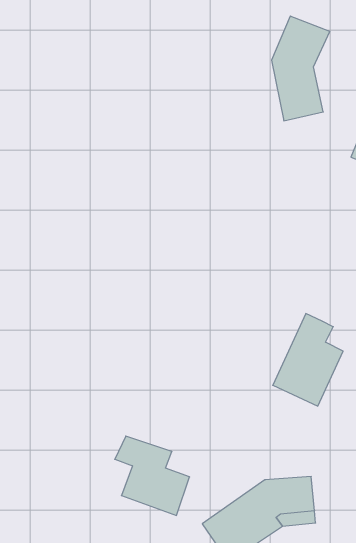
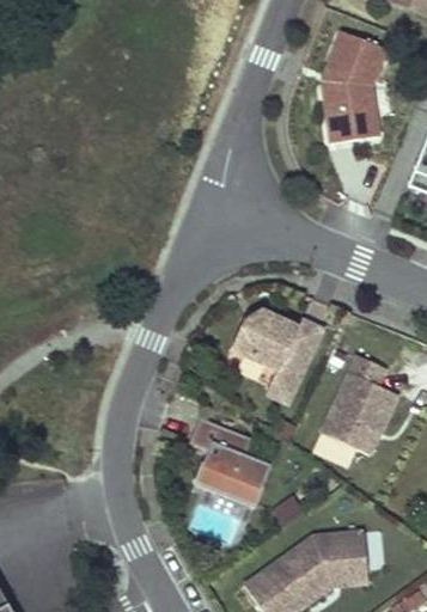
building: none -> [234,308,325,402]
building: [115,436,190,515] -> [190,418,272,504]

